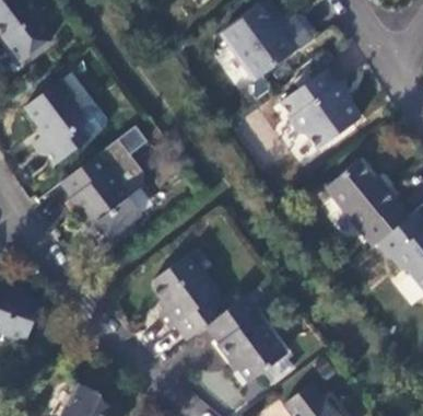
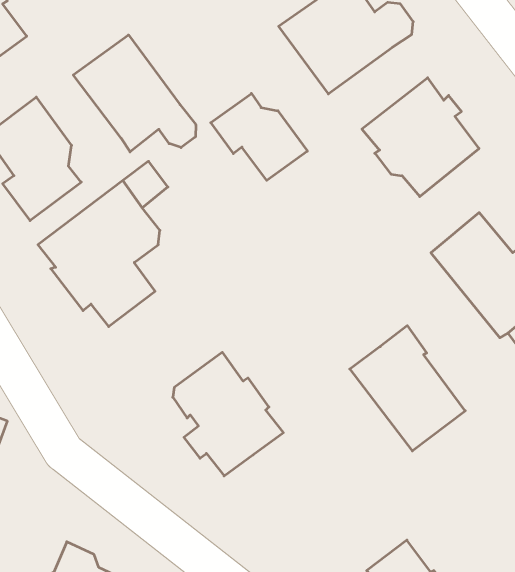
building: none -> [73,35,196,152]
building: none -> [211,93,307,180]
building: [205,297,284,382] -> [350,326,465,451]

